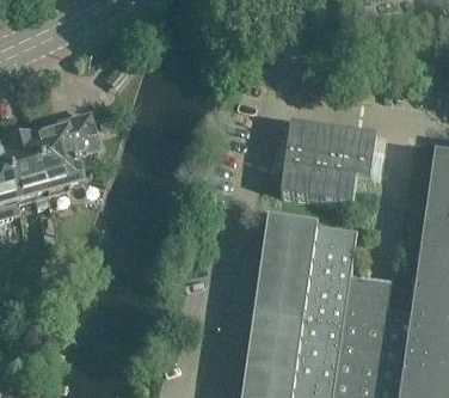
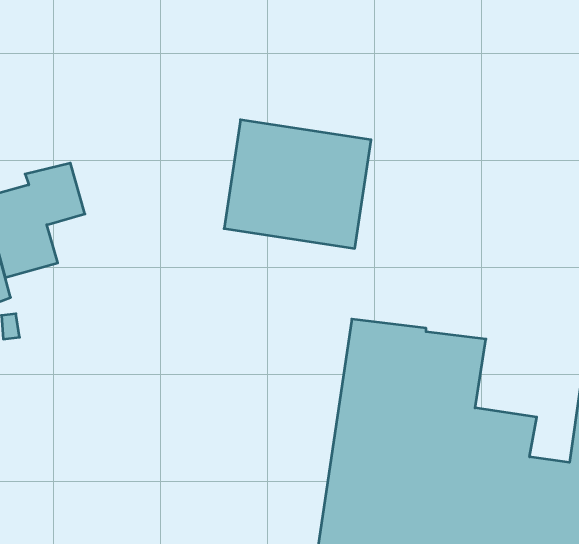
building: [278,122,375,207] -> [224,120,371,248]

